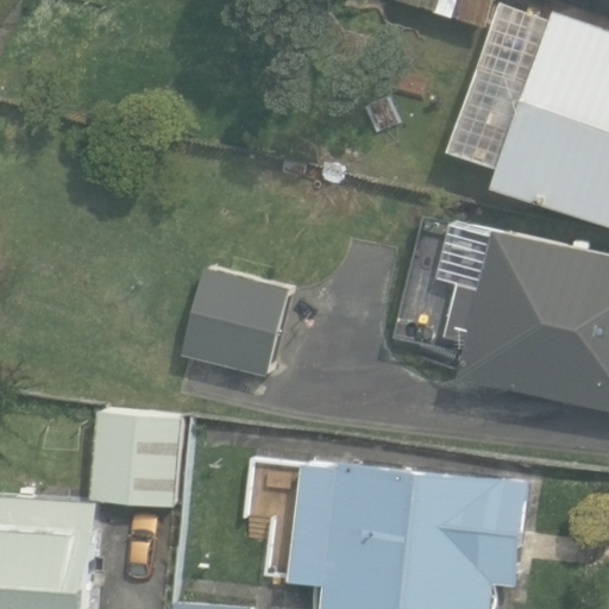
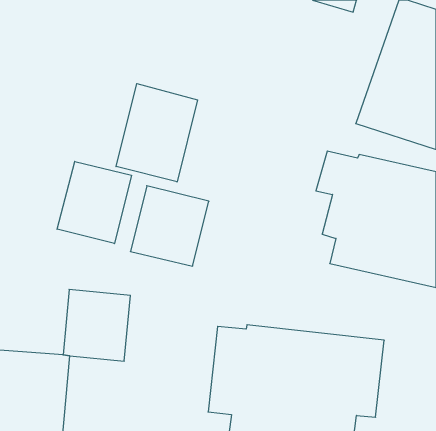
building: none -> [116,84,197,182]
building: none -> [57,161,131,244]

